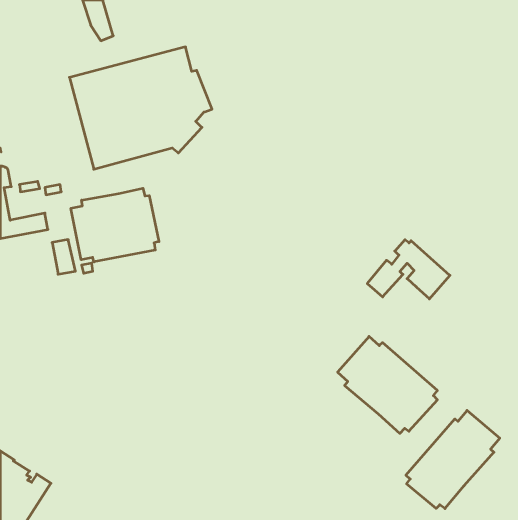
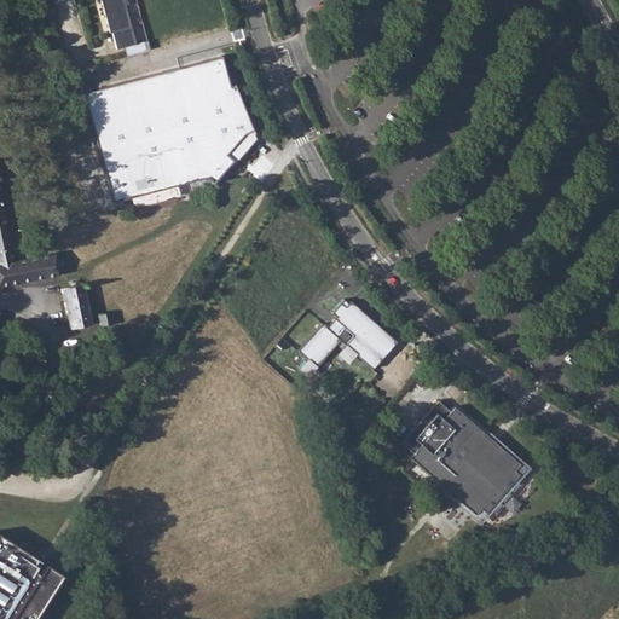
building: [71,188,159,262] -> none
building: [367,240,450,299] -> [301,300,399,370]
building: [406,410,500,509] -> none

